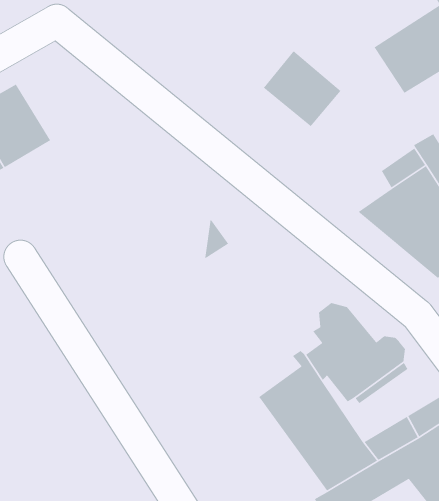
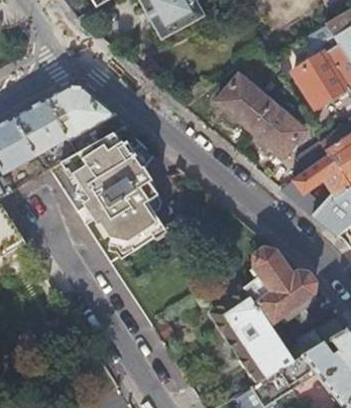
building: none -> [45,87,115,140]
building: none -> [249,104,304,156]
building: none -> [64,137,162,254]

